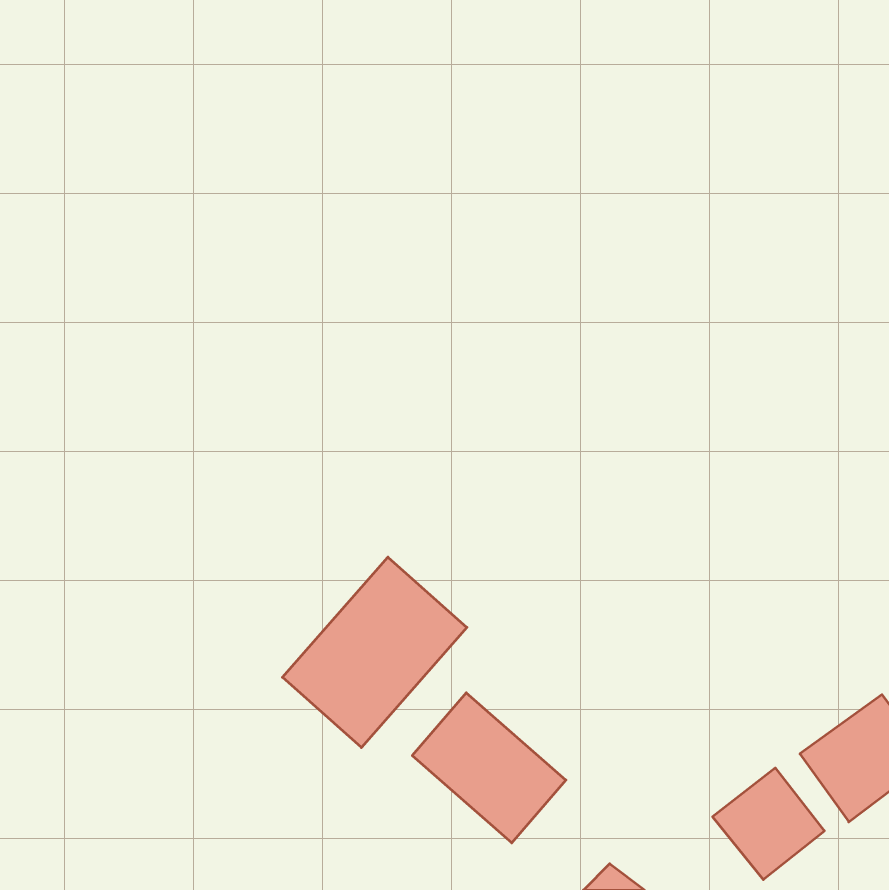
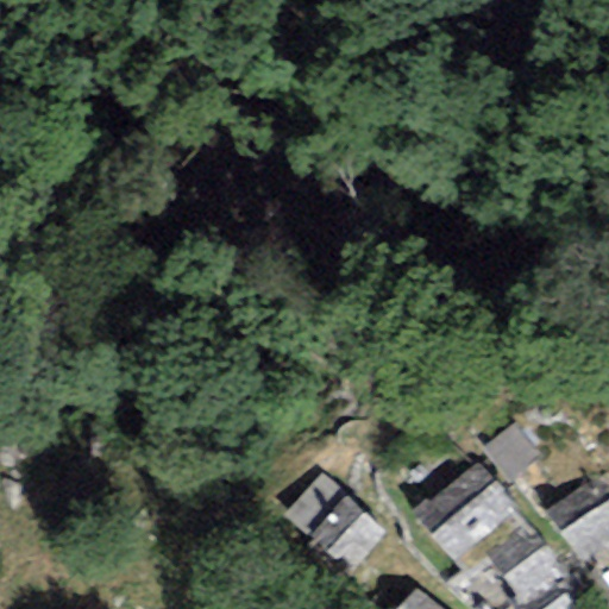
building: [282,557,467,748] -> none
building: none -> [410,462,517,561]

